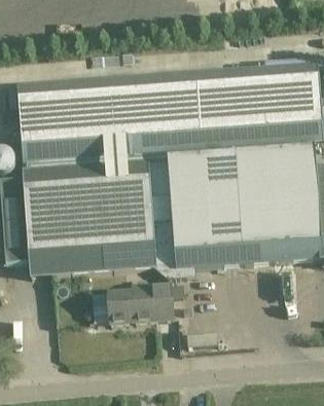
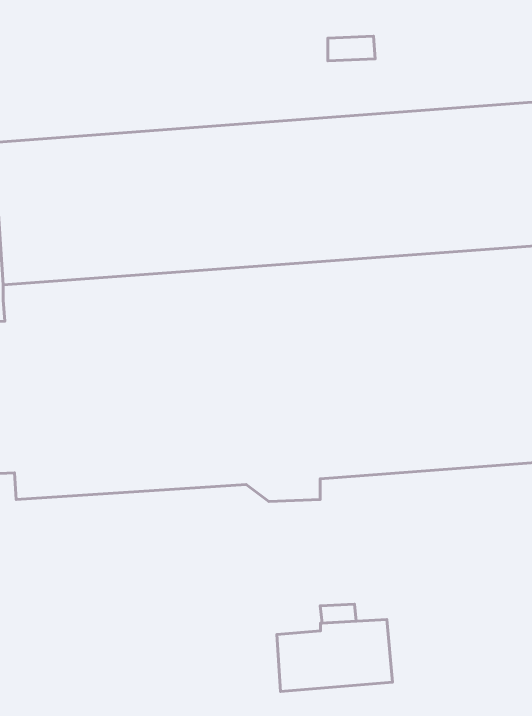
building: [108,284,171,323] -> [277,619,393,692]

